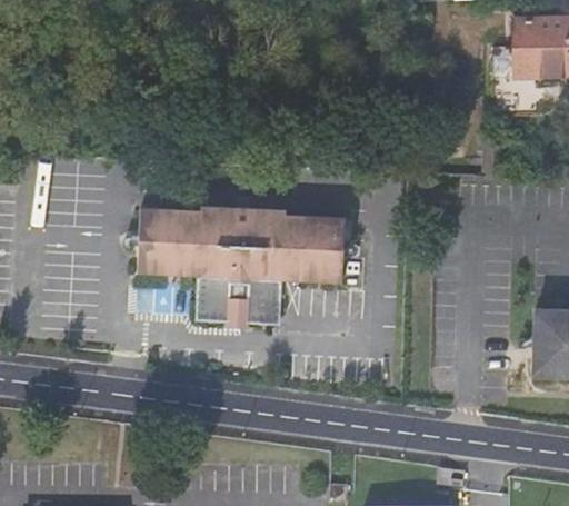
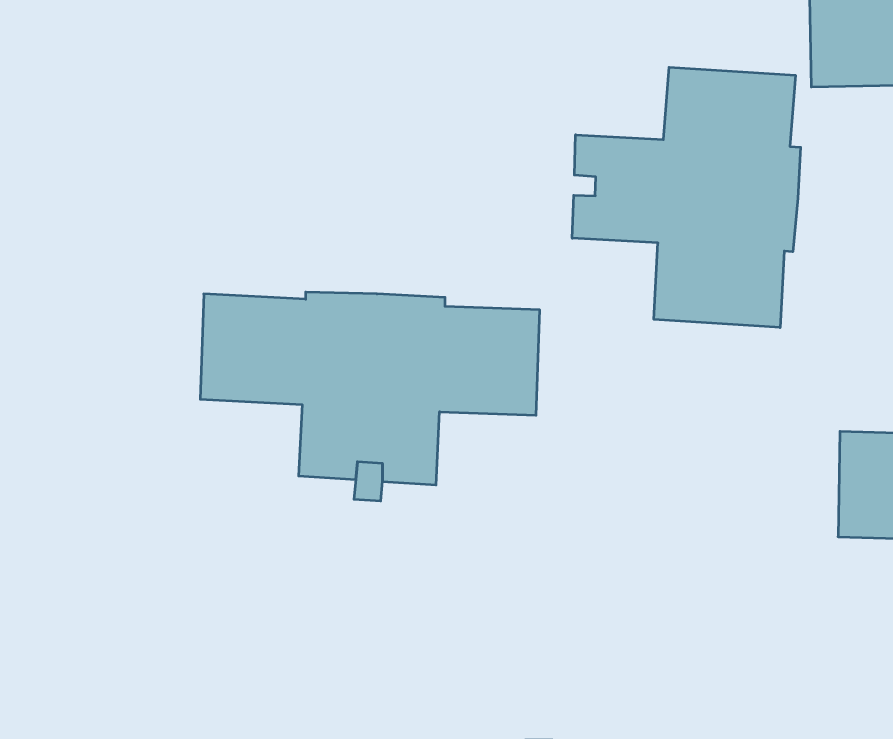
building: none -> [572,67,801,328]

